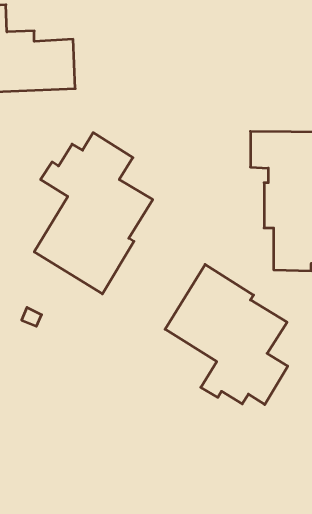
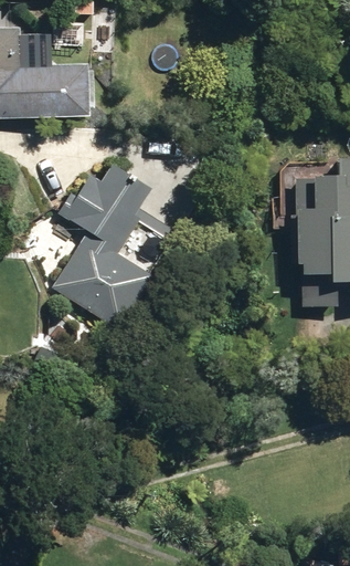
building: [165,264,288,405] -> none

